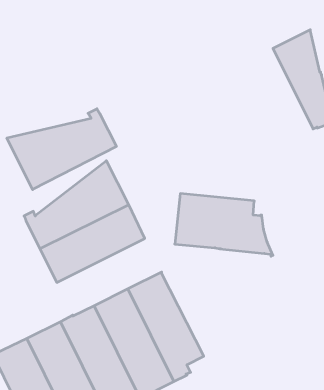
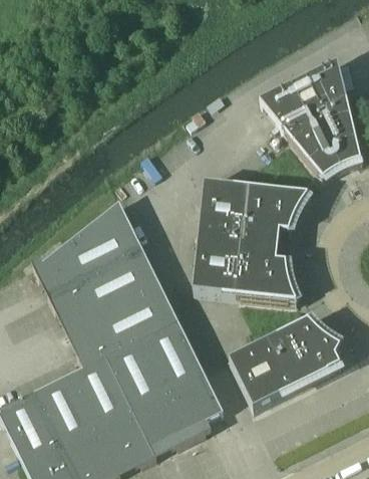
building: none -> [259,79,341,179]
building: [7,109,116,190] -> none
building: none -> [199,181,310,243]
building: none -> [66,283,178,367]
building: none -> [229,316,342,407]

